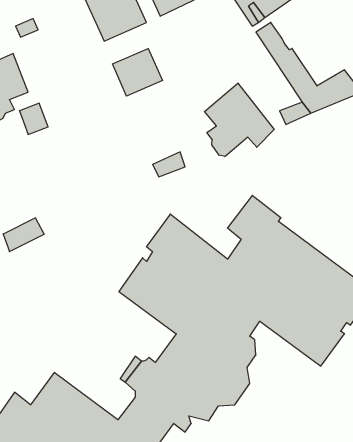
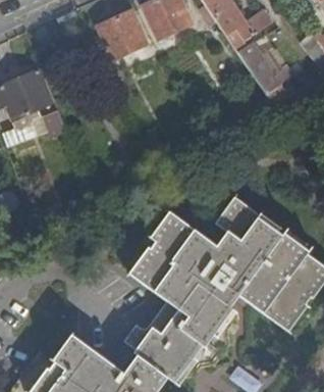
building: [112,49,162,96] -> none
building: [204,83,274,157] -> none

